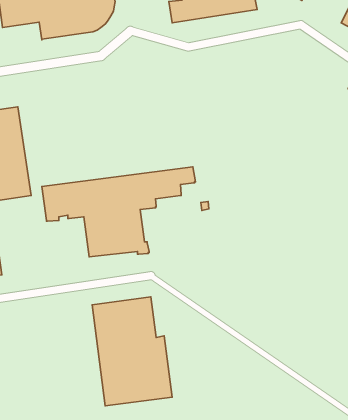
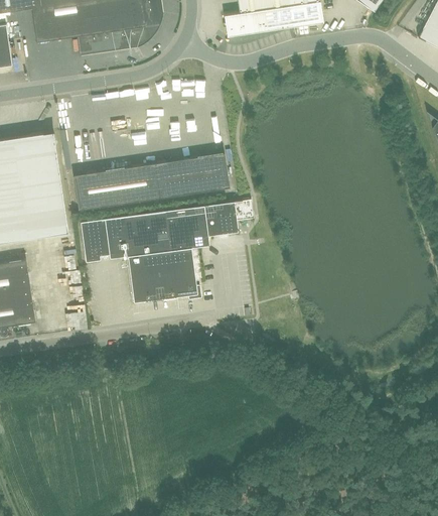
building: none -> [74,152,230,210]
building: [92,297,172,406] -> none

